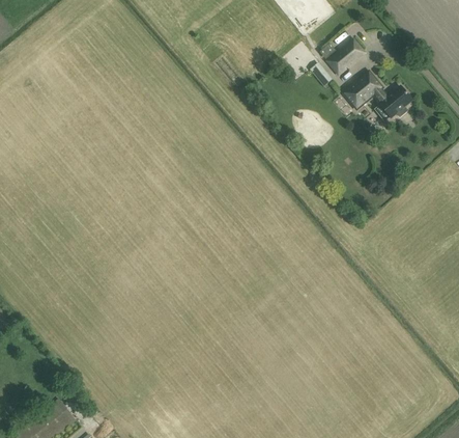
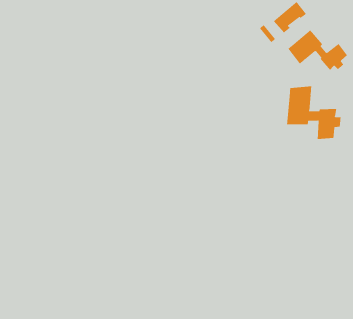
building: none -> [286,85,341,140]

